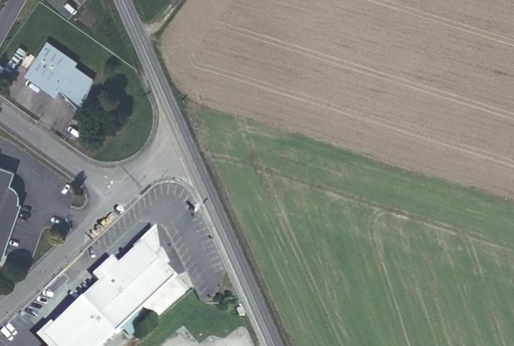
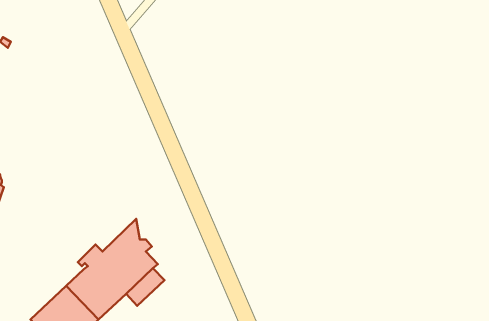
building: [23,39,90,108] -> none

